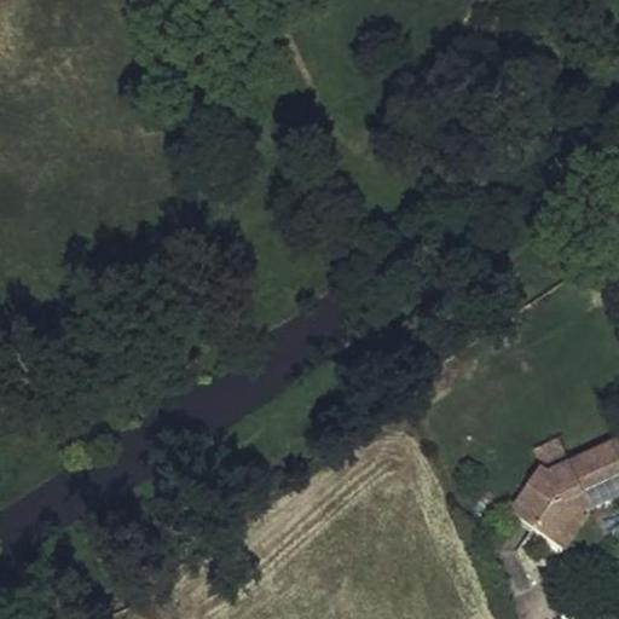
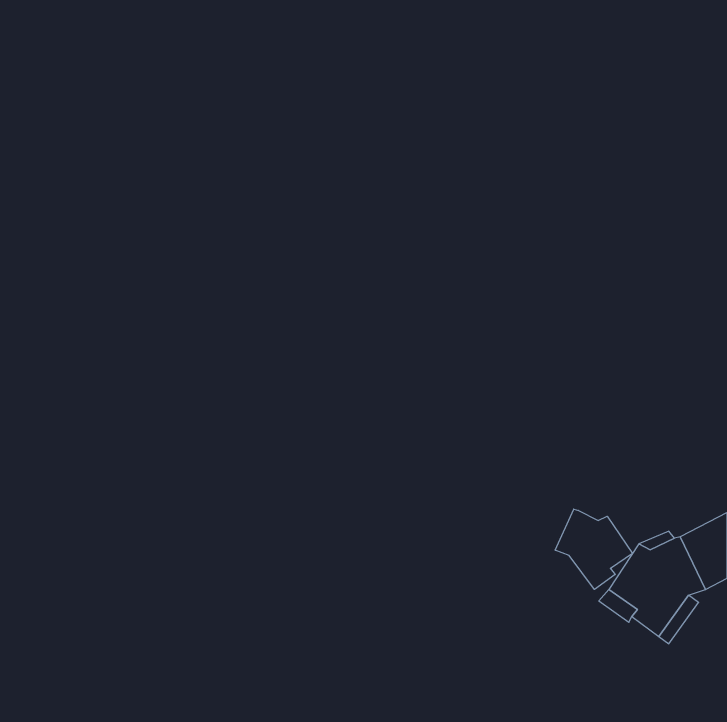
building: none -> [555,509,632,589]

